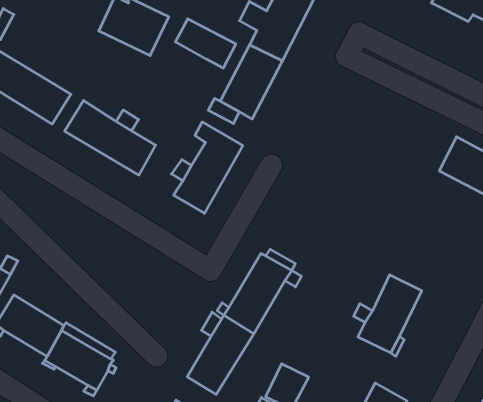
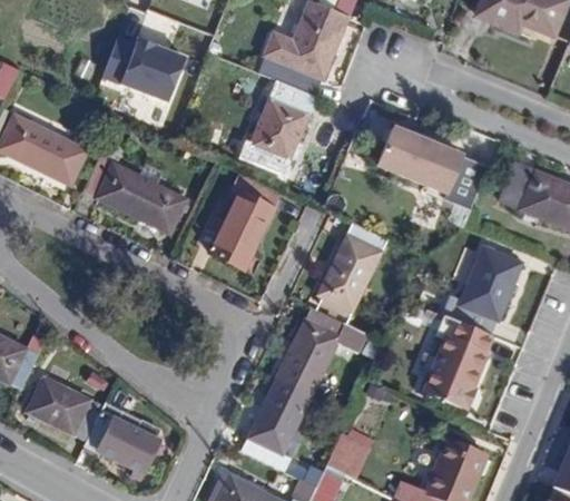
building: [175,19,236,68] -> none
building: none -> [376,128,487,209]
building: none -> [318,224,386,311]
building: none -> [454,248,519,334]

